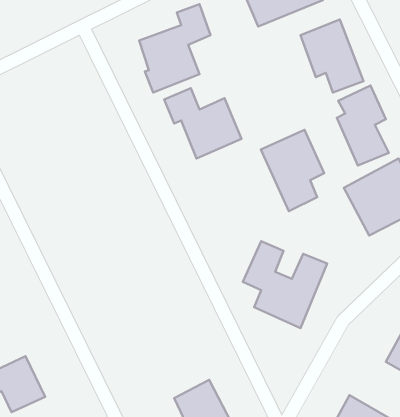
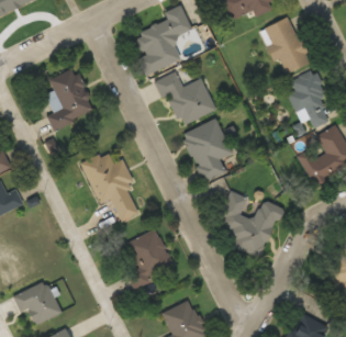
building: none -> [41,66,97,128]
building: [261,130,324,211] -> [182,119,232,182]
building: none -> [83,149,141,221]
building: none -> [127,228,174,283]

